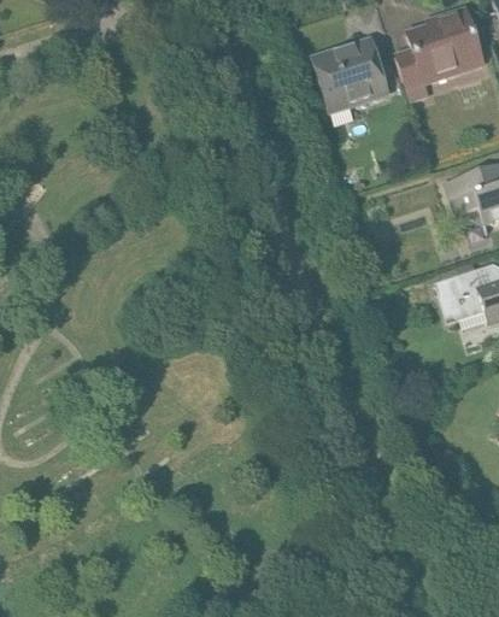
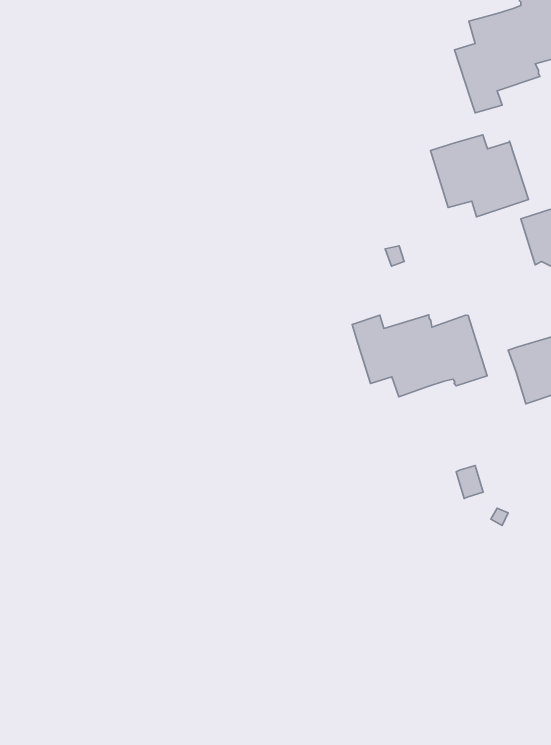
building: [315,45,389,107] -> [431,135,529,217]
building: none -> [352,315,487,397]

